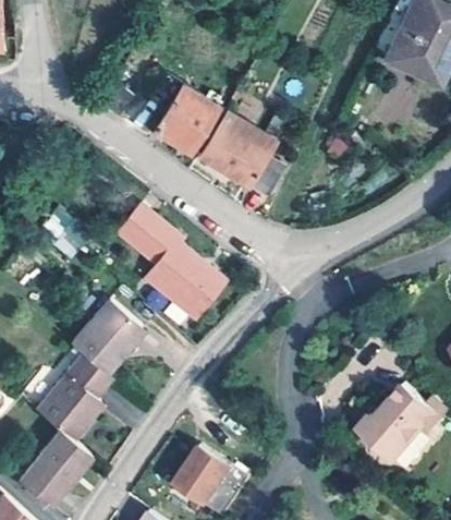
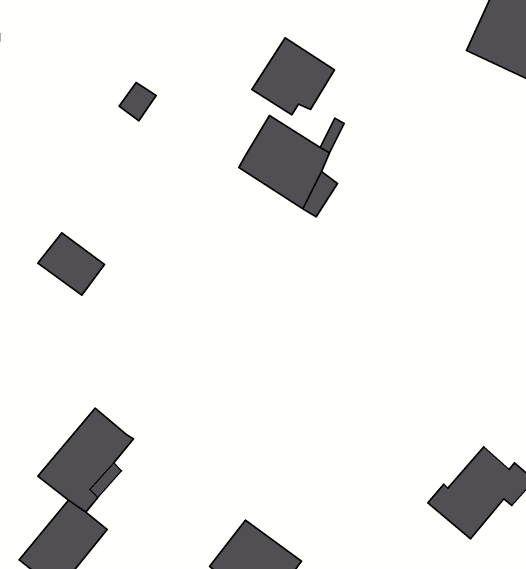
building: [157,87,224,150] -> [252,38,335,115]
building: [118,204,226,318] -> none
building: [71,299,142,375] -> none

